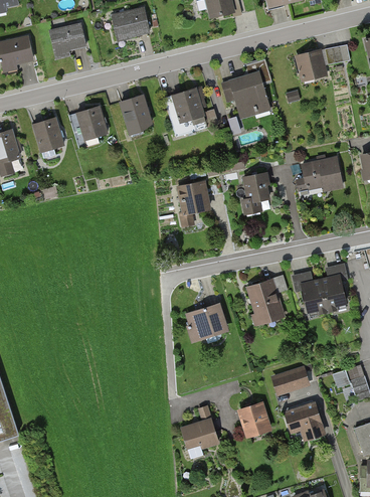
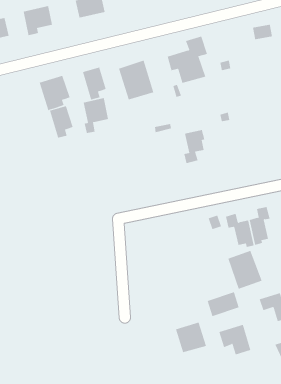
building: [298,50,326,77] -> none
building: [34,118,63,157] -> [49,106,73,138]
building: [298,157,344,195] -> none
building: [179,181,210,224] -> [83,98,109,134]
building: [242,280,285,327] -> [227,250,262,289]
building: [183,303,227,341] -> none
building: [178,406,220,455] -> none

